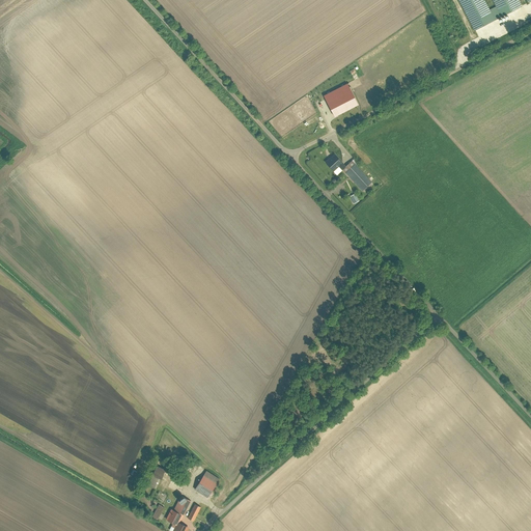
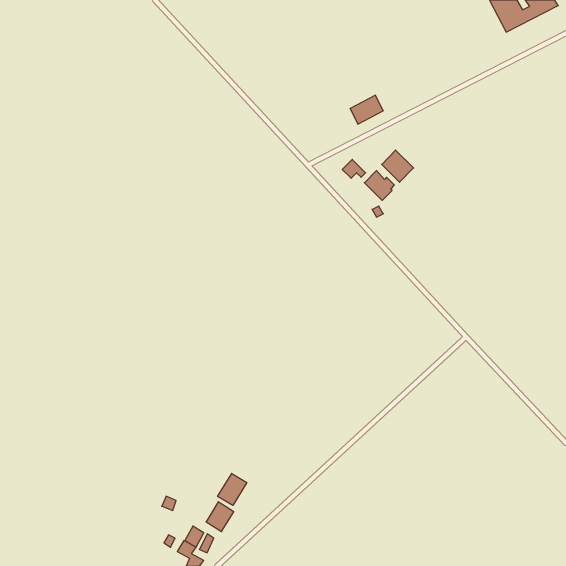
building: none -> [382,150,414,182]
building: none -> [218,473,247,505]

